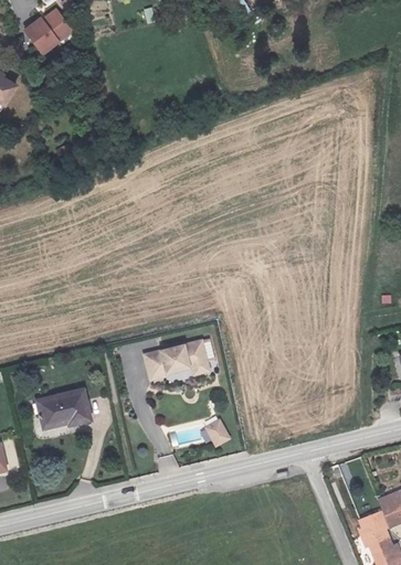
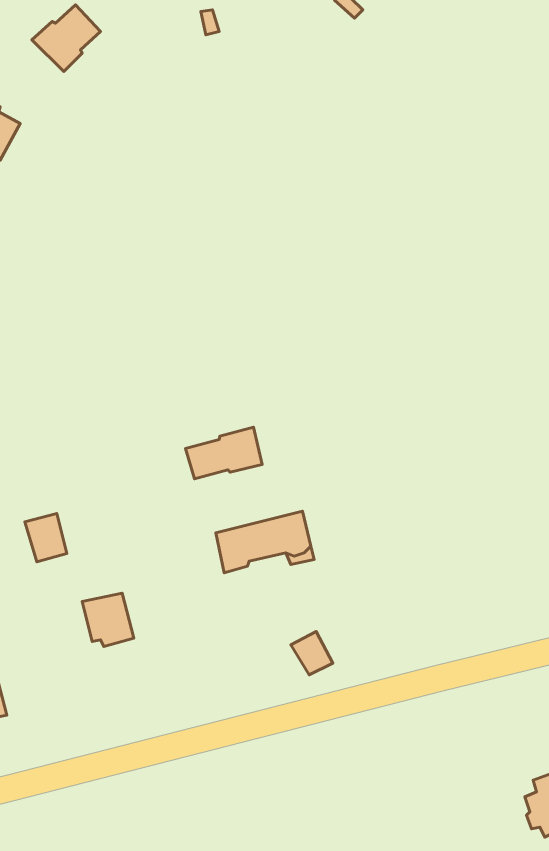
building: none -> [186,427,262,479]
building: [43,397,71,429] -> [25,513,67,562]

